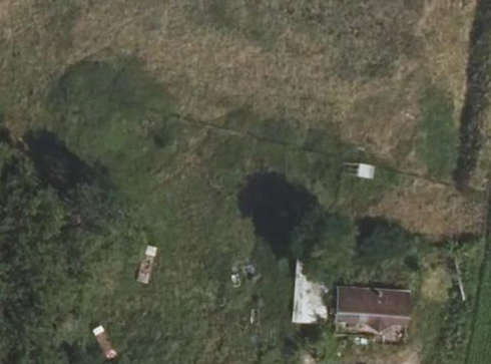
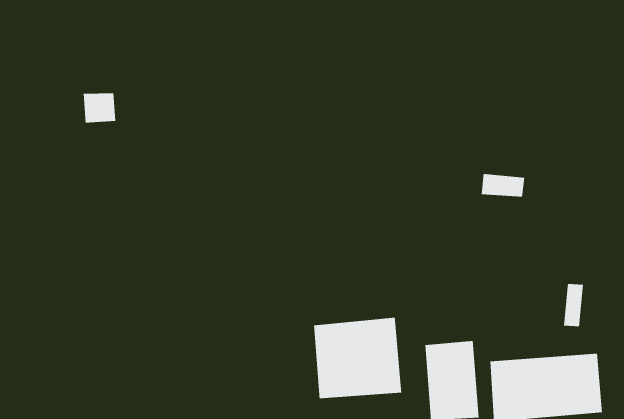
building: none -> [314,317,402,399]

